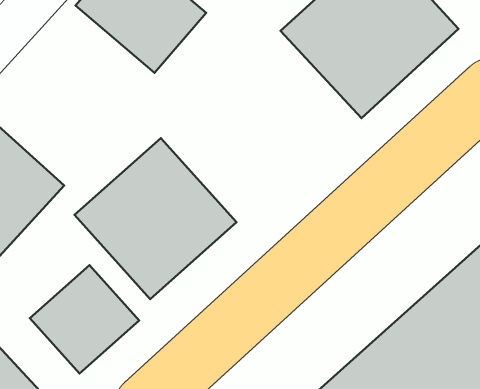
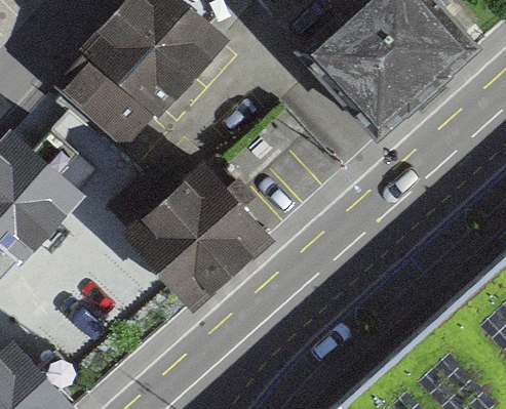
building: none -> [51,27,182,154]
building: [30,265,139,374] -> none

